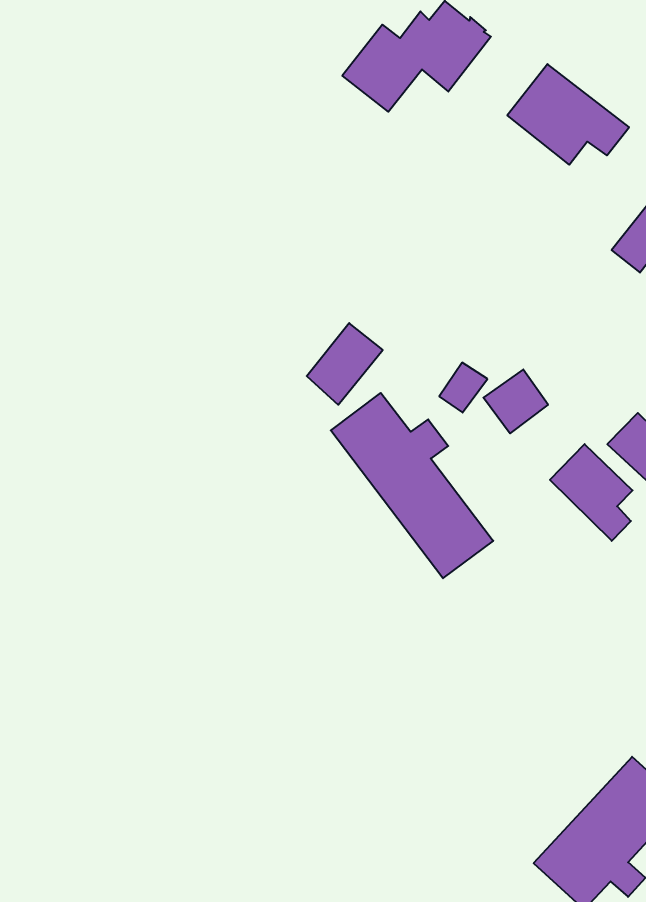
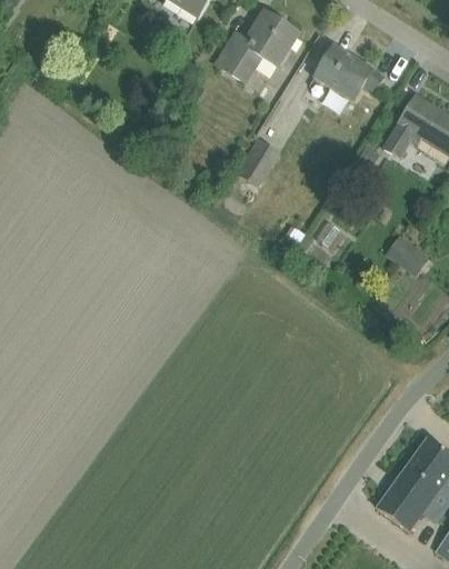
building: [307,323,383,405] -> [237,138,279,186]
building: [331,393,493,578] -> none
building: [550,444,633,541] -> none

